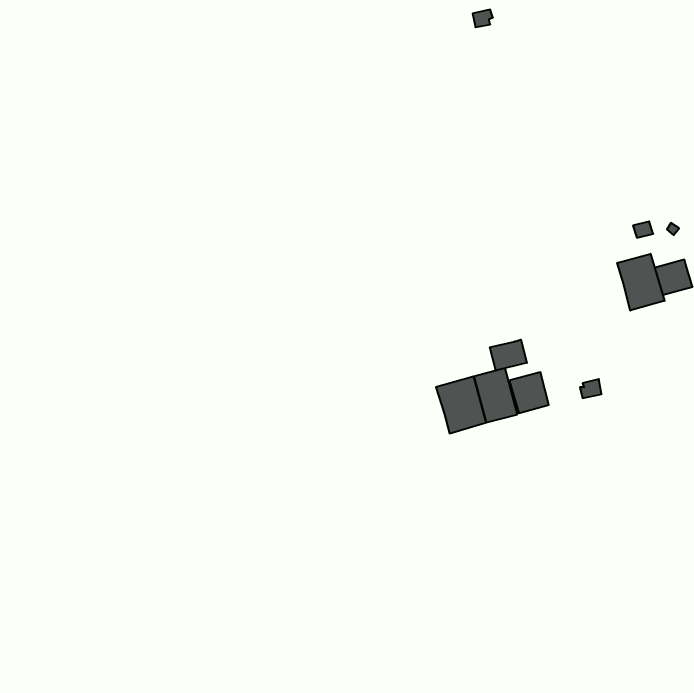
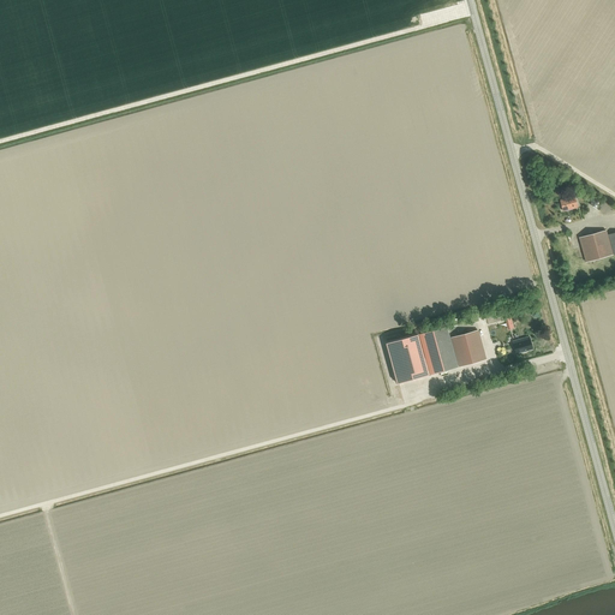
building: [617,254,665,311] -> none
building: [490,340,527,370] -> none

